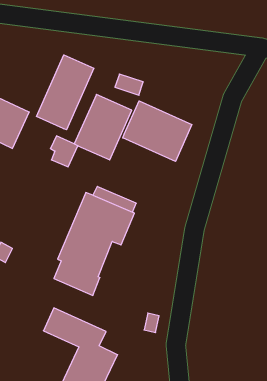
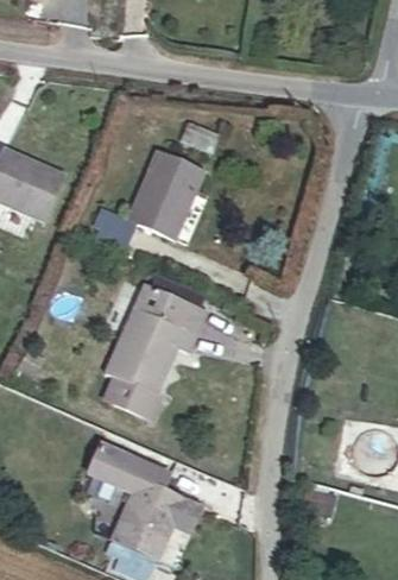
building: [36,55,94,130] -> none
building: [123,101,192,161] -> none

